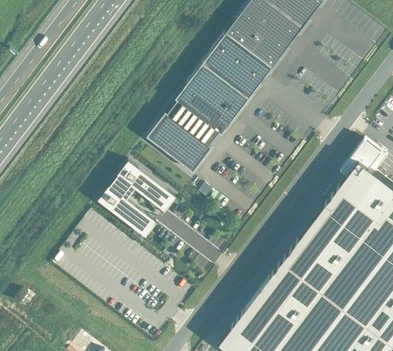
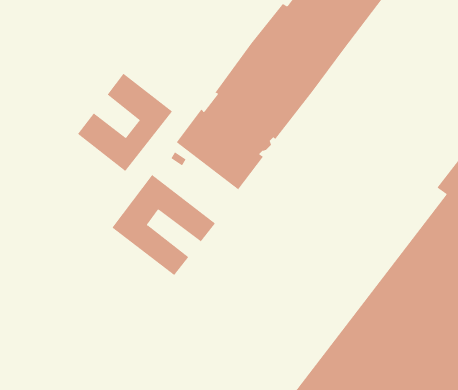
building: none -> [77,73,173,172]

